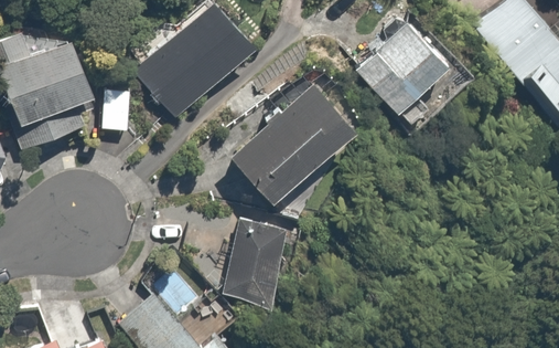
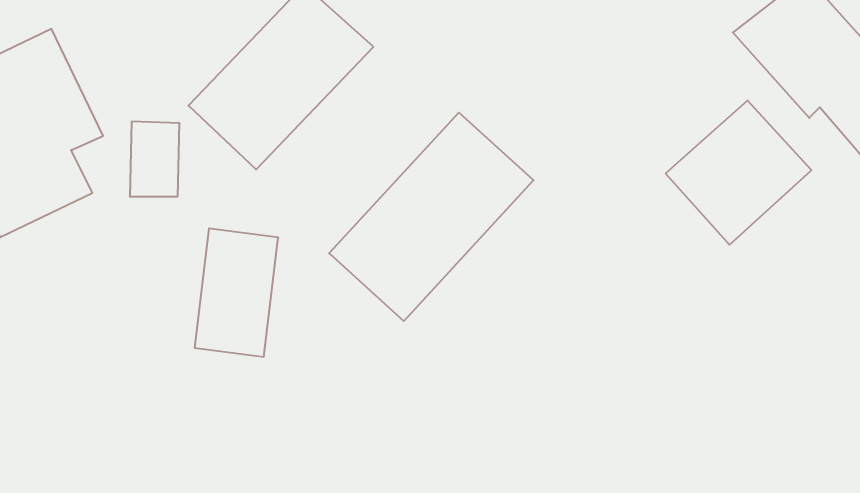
building: [356,24,447,114] -> [666,101,811,245]
building: [228,223,280,303] -> [195,228,278,357]

